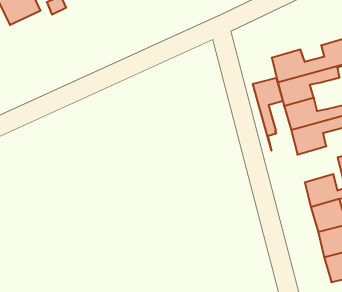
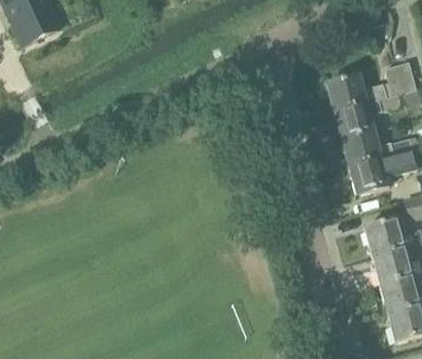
building: [253,78,283,151] -> none

